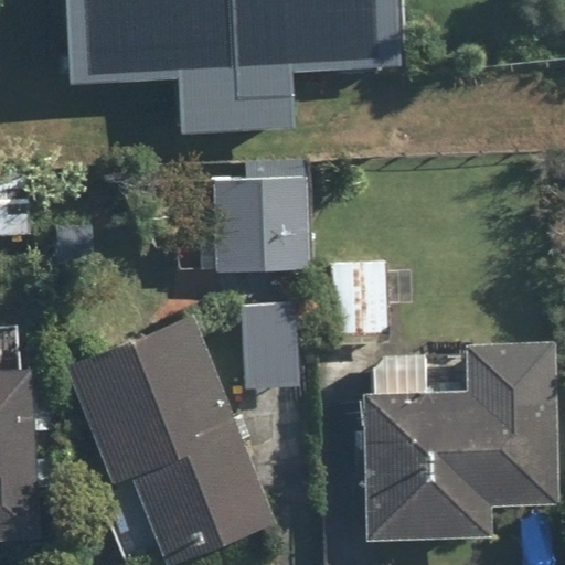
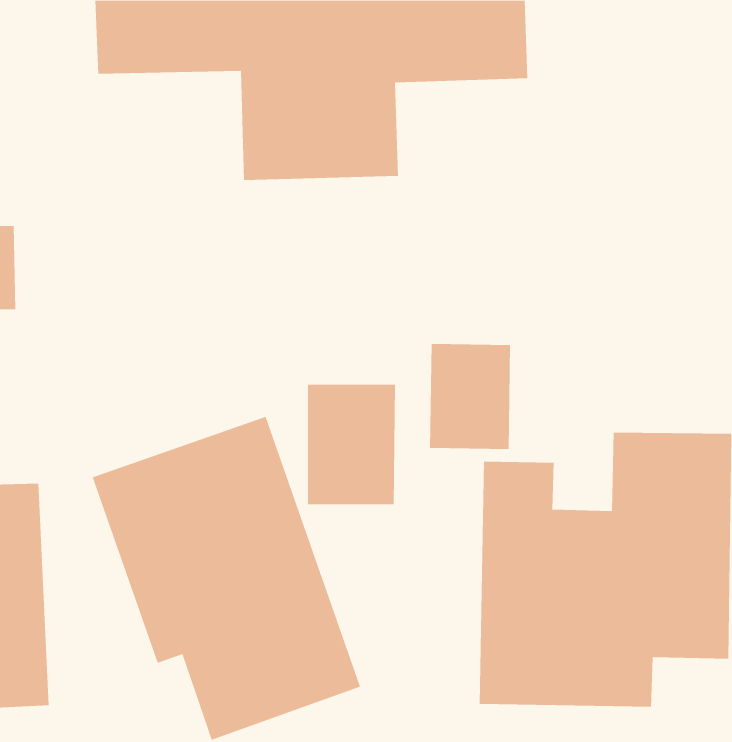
building: [190,161,302,274] -> none

